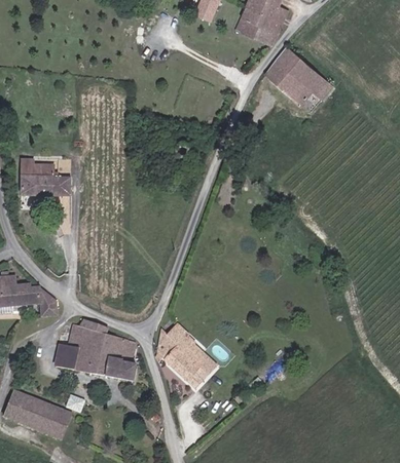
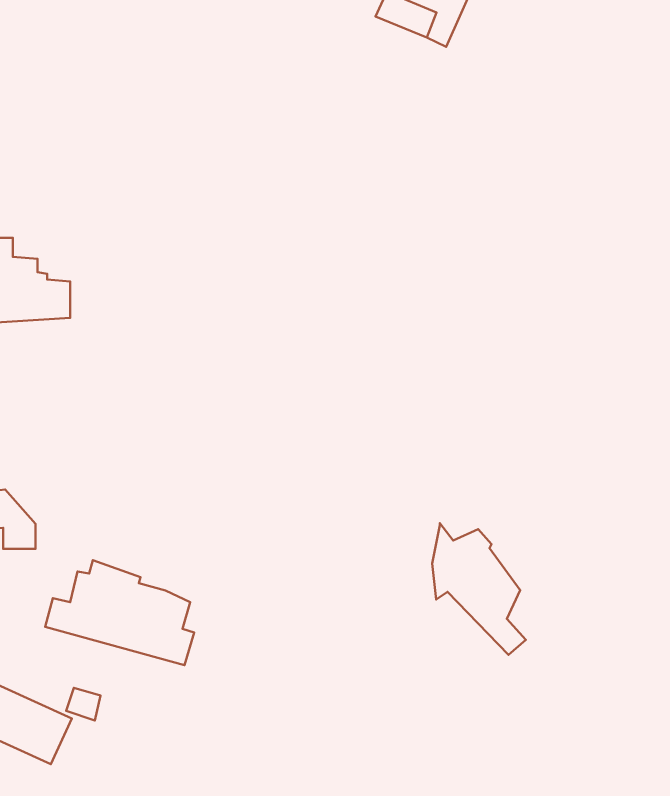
building: [264,48,335,108] -> none
building: [159,321,210,392] -> [432,523,526,655]

